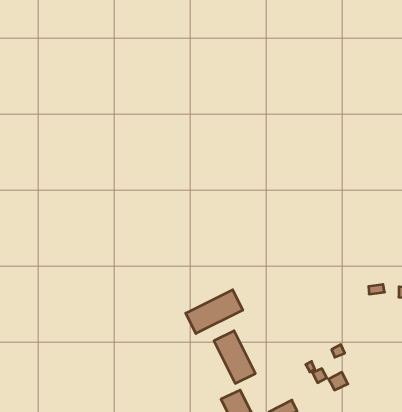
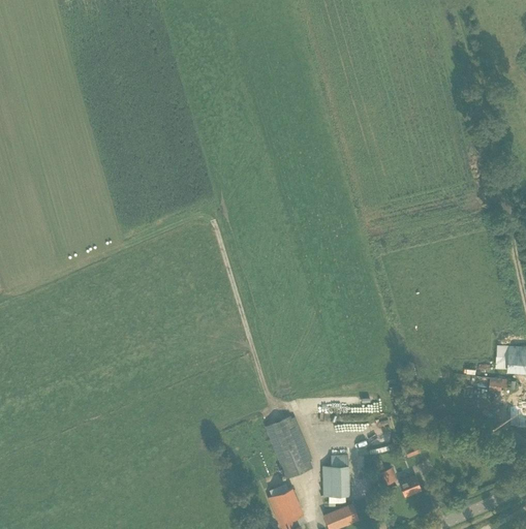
building: [186,290,243,334] -> none
building: none -> [322,456,349,496]

